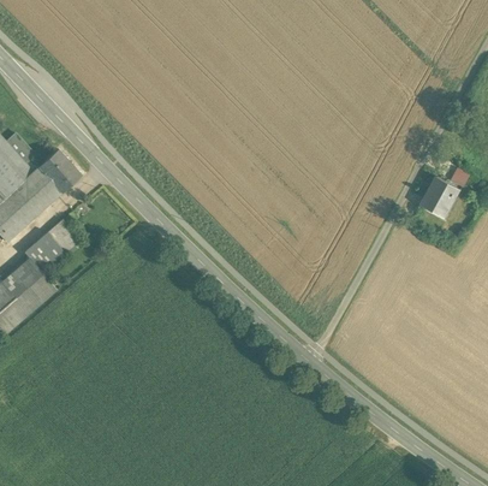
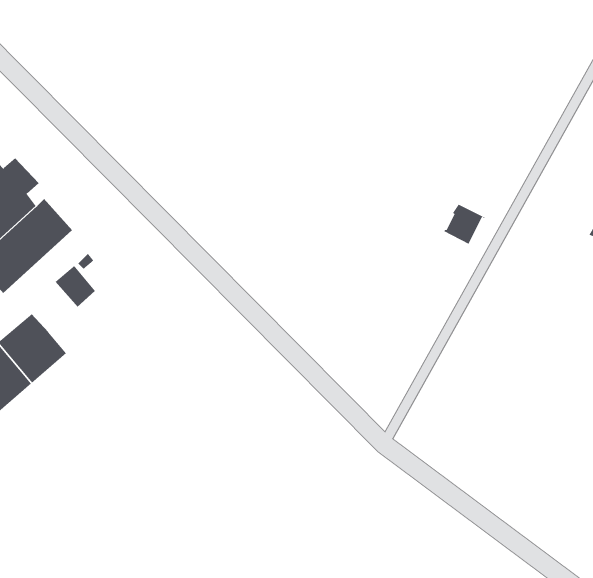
building: [37,150,79,192] -> none
building: [424,178,458,211] -> [443,204,486,245]
building: [23,233,64,273] -> none

